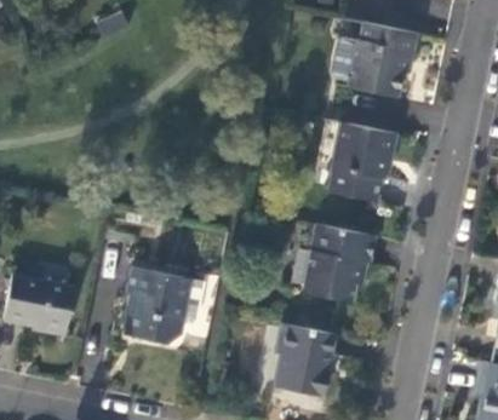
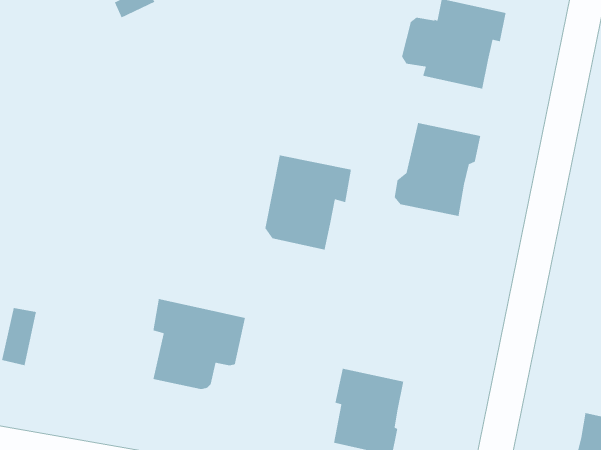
building: [303,224,374,303] -> [264,154,352,251]
building: [23,278,74,334] -> none

